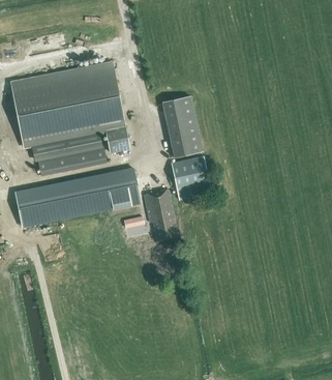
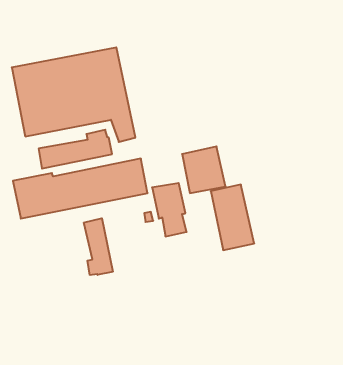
building: [161,95,202,156] -> [211,185,254,250]
building: none -> [84,218,113,275]

